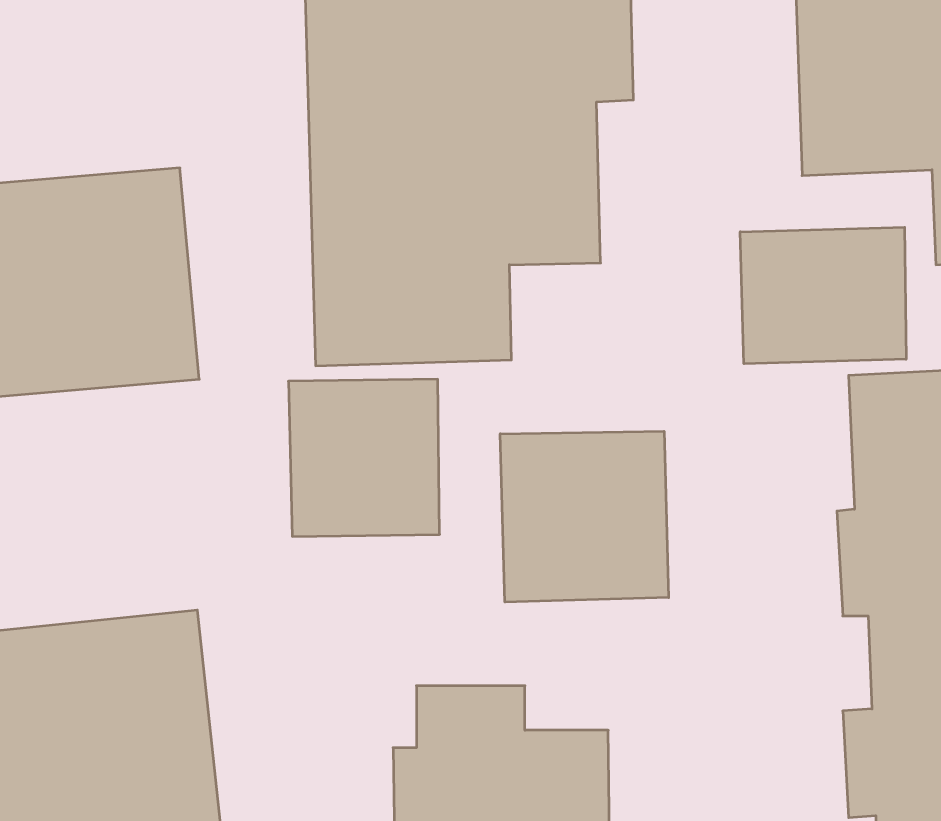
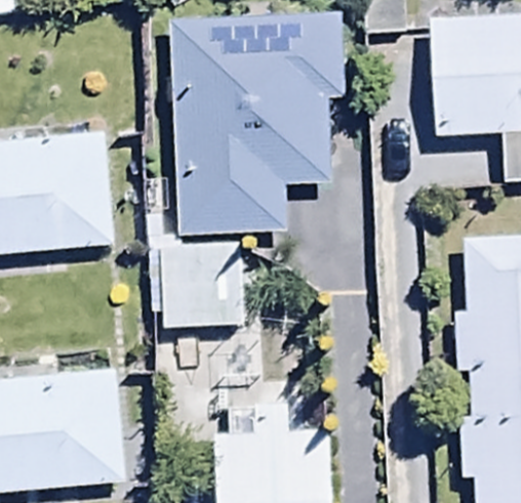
building: [740,227,906,364] -> none
building: [500,431,669,602] -> none

